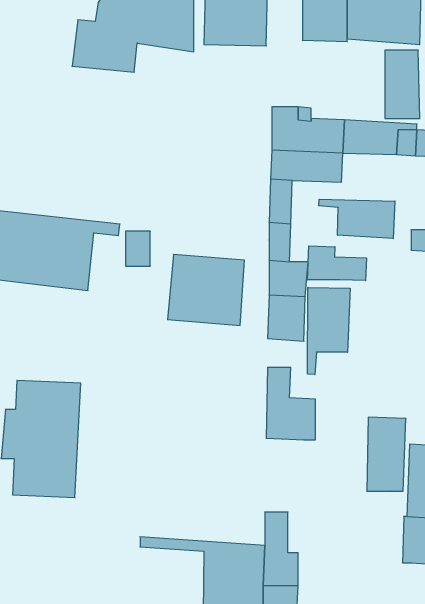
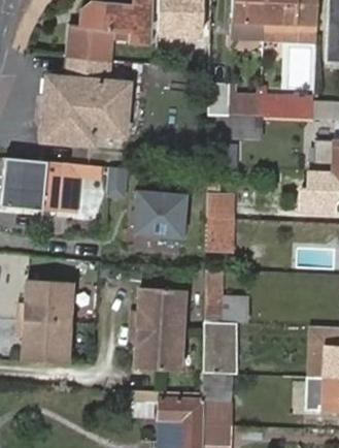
building: none -> [44,56,132,147]
building: [319,199,395,239] -> none
building: [308,246,366,281] -> none
building: [308,287,350,375] -> none
building: none -> [131,285,187,372]
building: [367,417,406,491] -> [205,321,233,374]

